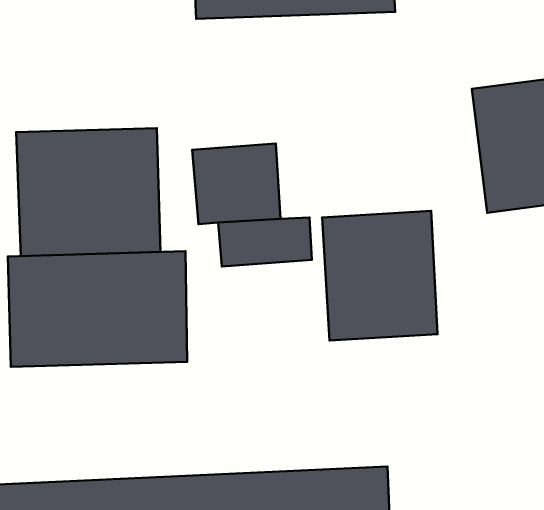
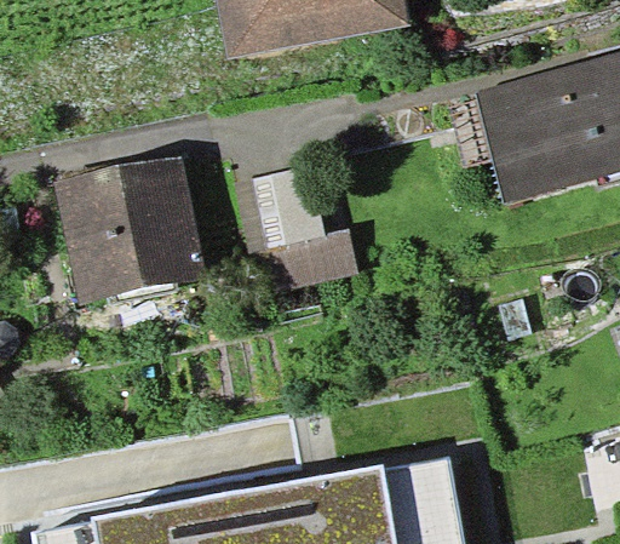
building: [322,211,438,341] -> none
building: [8,251,187,367] -> none

